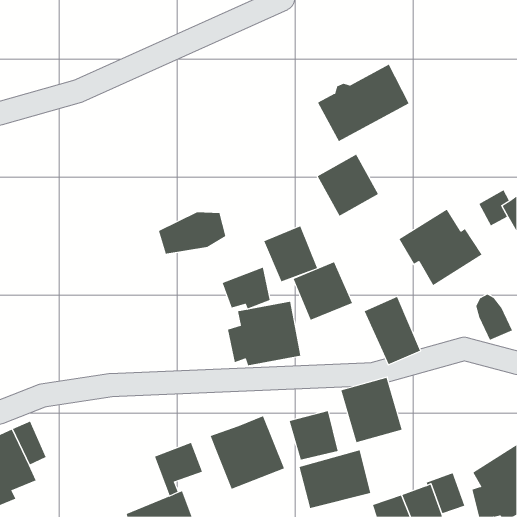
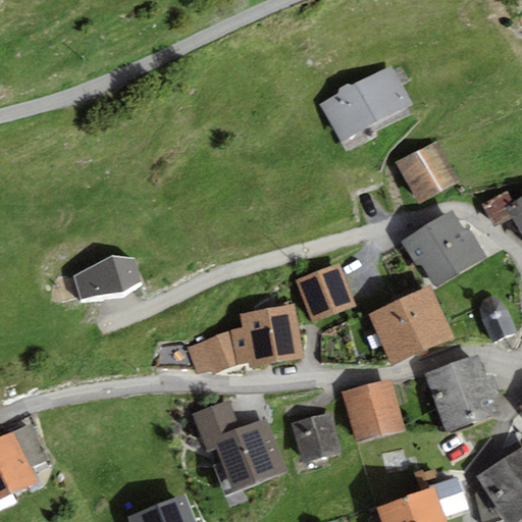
building: [317,154,379,217] -> [396,140,458,203]
building: [158,212,226,254] -> [71,257,140,300]
building: [263,225,318,282] -> none
building: [222,267,271,309] -> [187,331,236,374]
building: none -> [400,284,454,353]
building: none -> [423,353,498,429]
building: [154,442,203,496] -> [191,399,240,453]
building: [299,449,371,509] -> none

